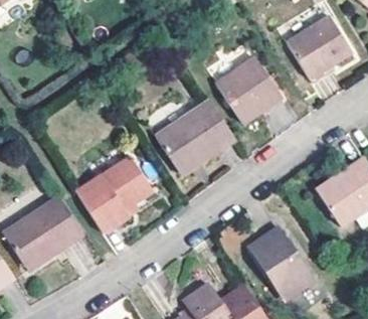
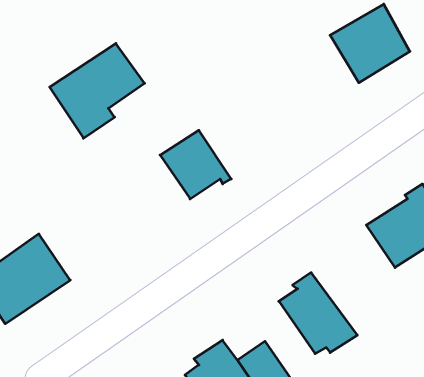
building: [216,56,281,122] -> none
building: [185,101,234,155] -> none
building: [76,157,153,233] -> [50,43,145,138]

